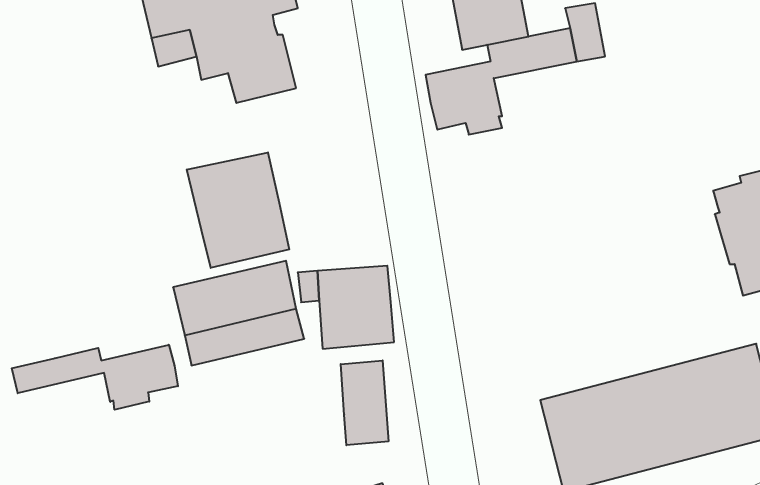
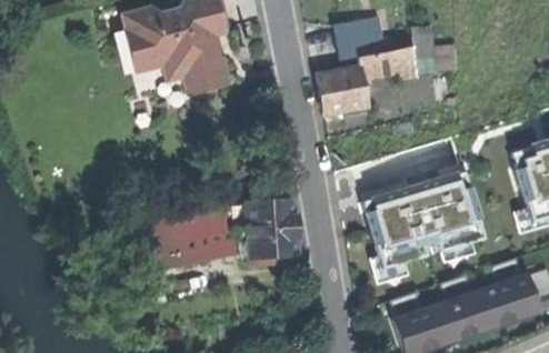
building: [187,152,289,268] -> none
building: none -> [361,173,482,270]
building: [12,345,178,410] -> none
building: [341,360,388,445] -> none

